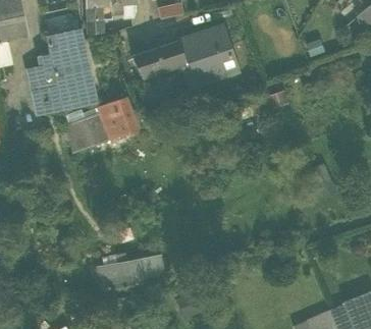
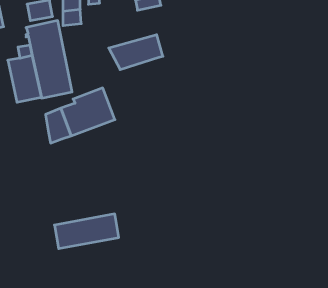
building: [179,29,236,89] -> none
building: [99,255,163,289] -> [54,214,119,249]

